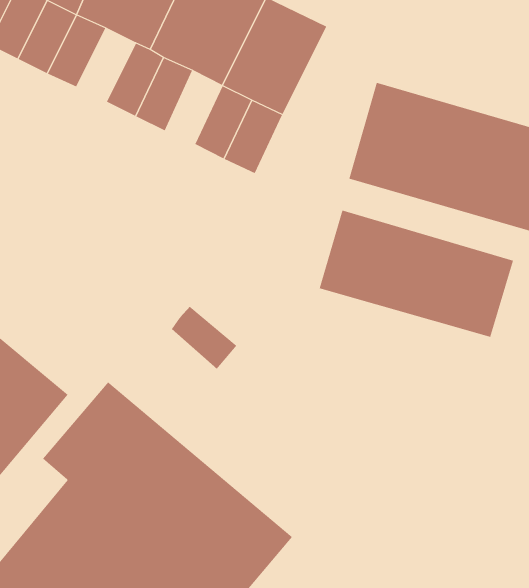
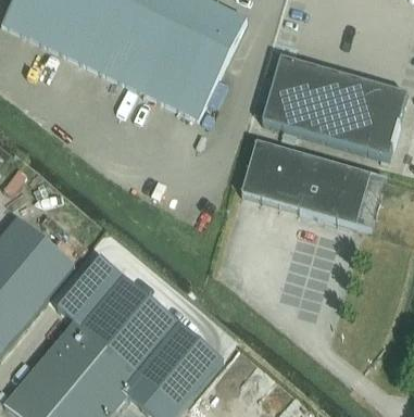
building: none -> [80,21,120,70]
building: none -> [139,49,177,98]
building: [171,306,237,370] -> none

